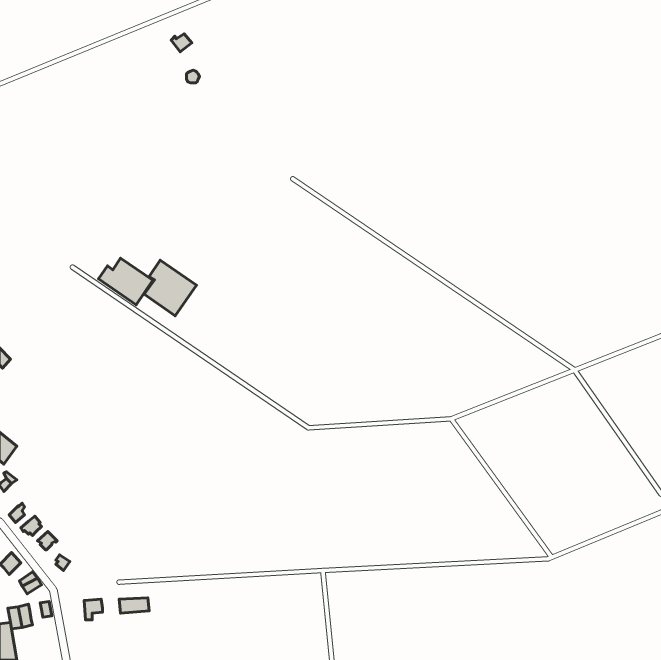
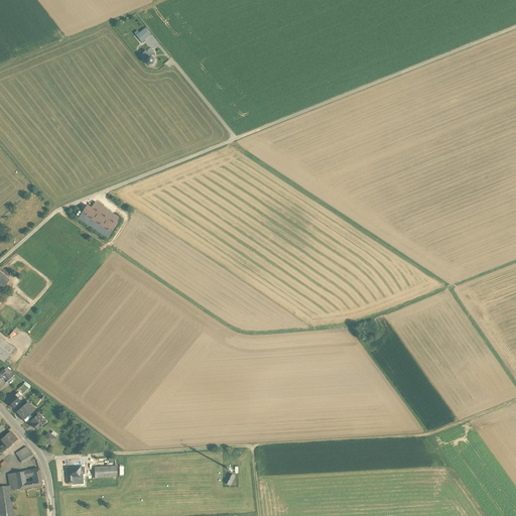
building: [144,260,197,316] -> none

